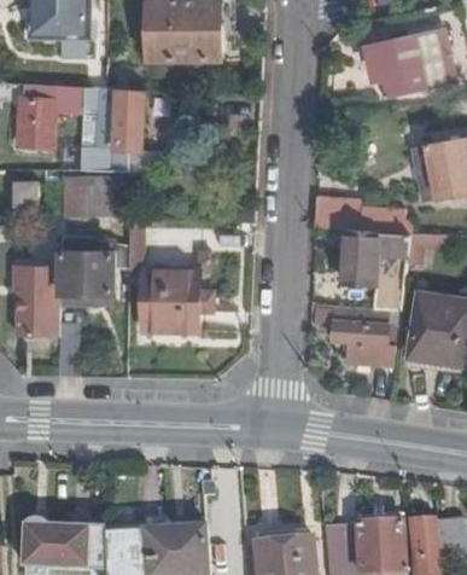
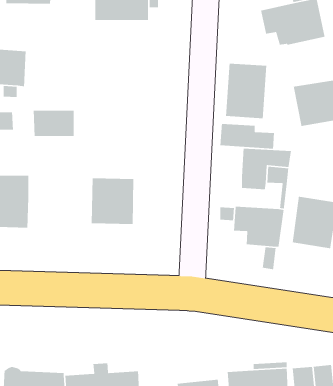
building: [80,87,144,172] -> none
building: none -> [225,63,267,119]
building: [59,237,128,296] -> none

